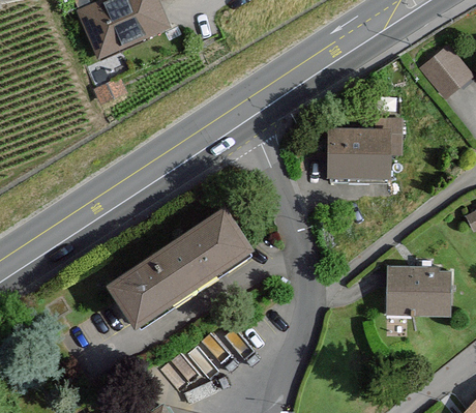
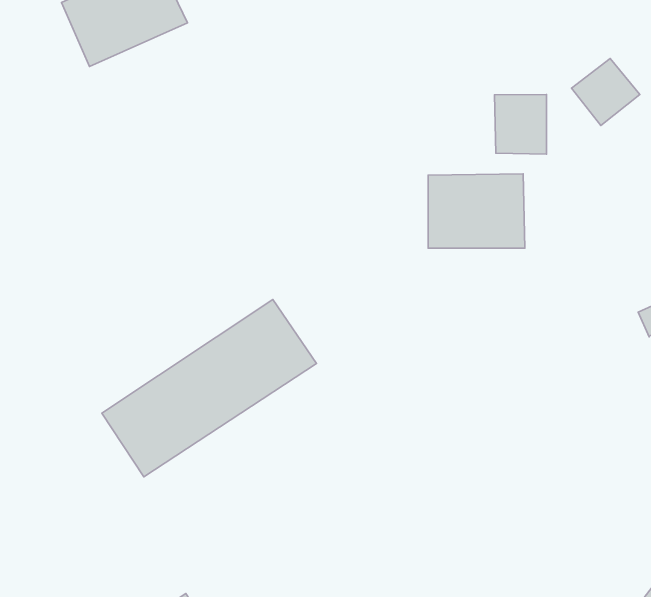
building: none -> [494,94,546,154]
building: [387,269,448,319] -> none

